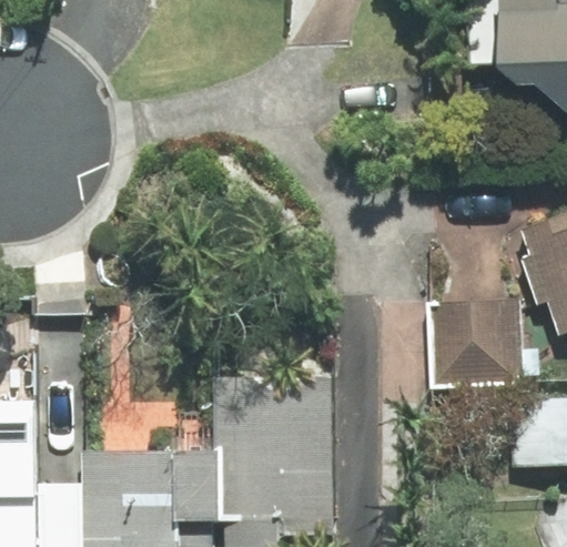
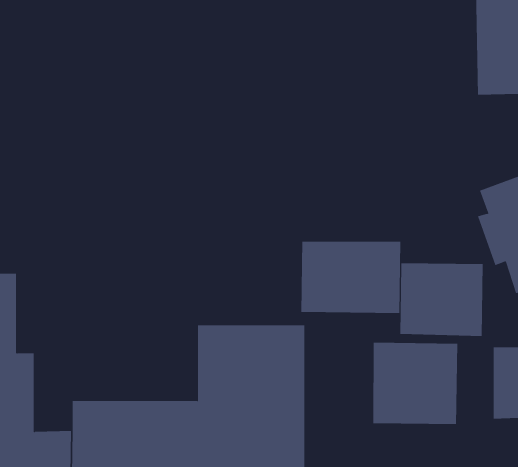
building: none -> [301,241,401,314]
building: none -> [373,342,458,425]

